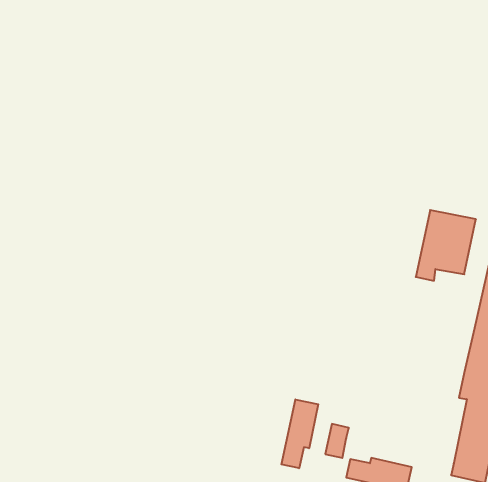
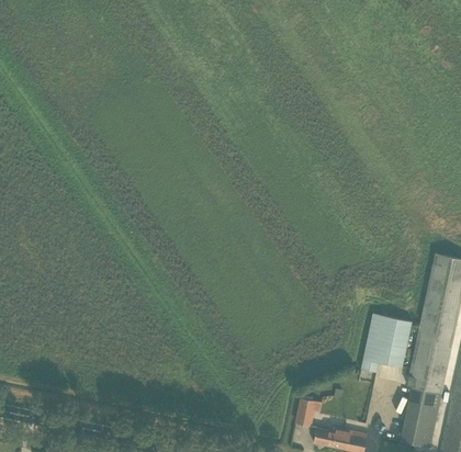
building: [416,210,476,281] -> [362,314,413,373]
building: [281,399,318,468] -> none

